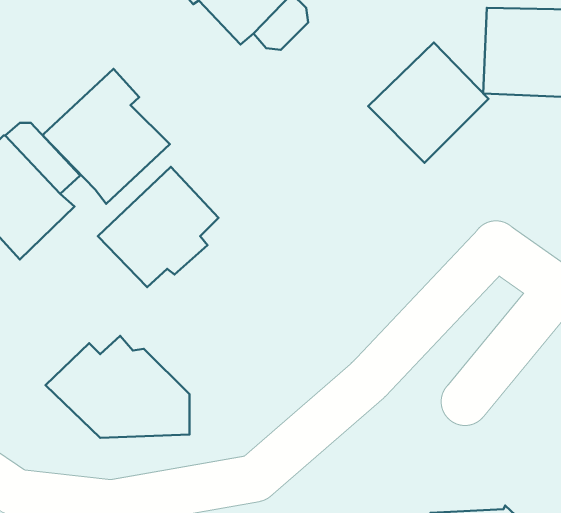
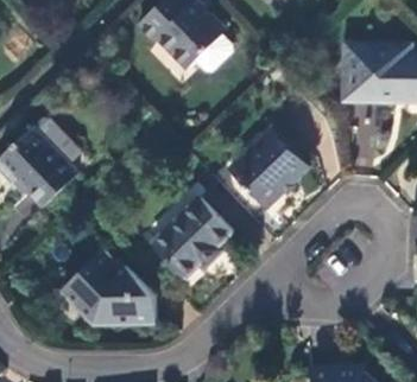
building: [368,42,489,163] -> [229,129,308,208]
building: [43,69,170,204] -> none
building: [98,167,218,287] -> [152,199,230,278]

